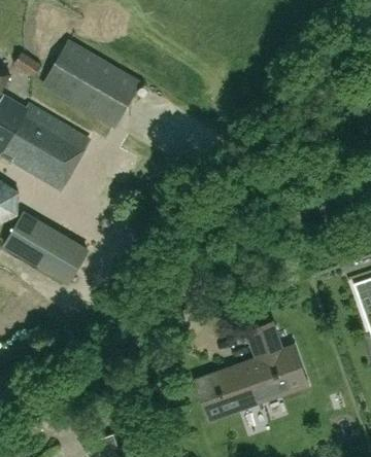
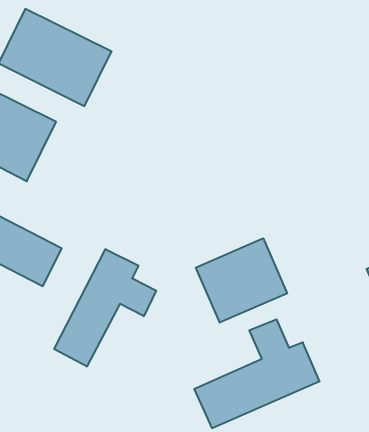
building: none -> [196,238,287,323]
building: none -> [54,249,156,367]

